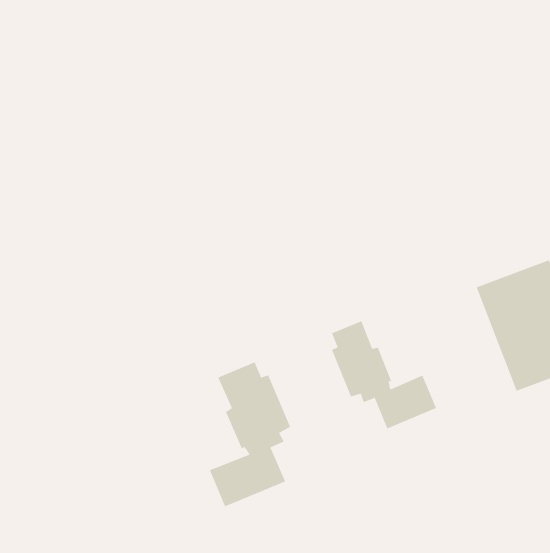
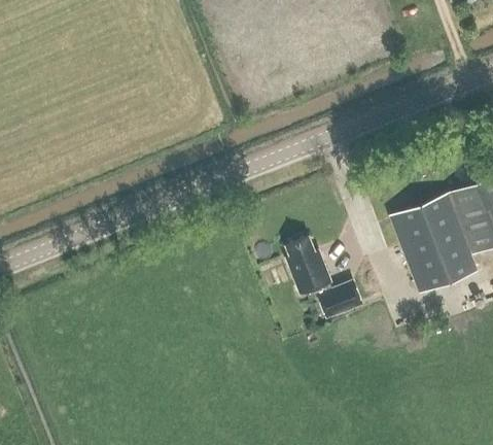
building: [209,362,291,507] -> none

